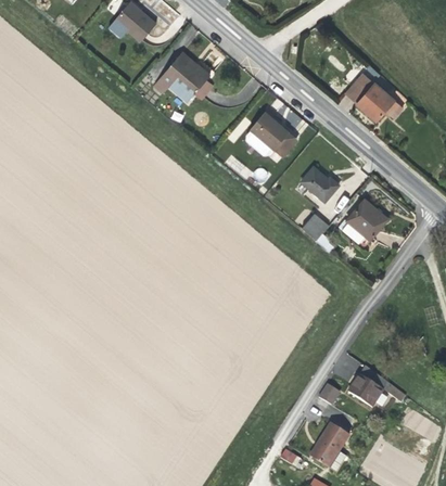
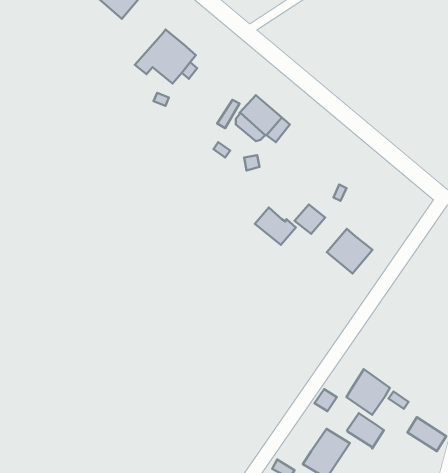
building: [345,73,403,120] -> none
building: [301,166,339,201] -> [255,207,296,245]
building: [346,199,388,240] -> [327,229,373,273]
building: none -> [347,413,384,448]

